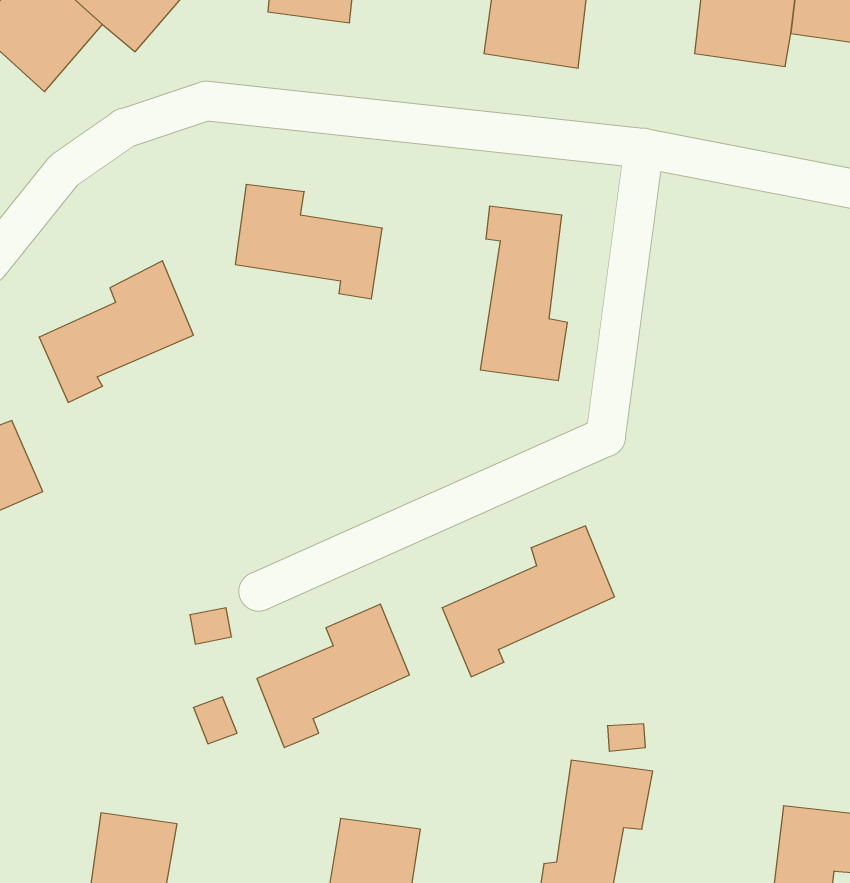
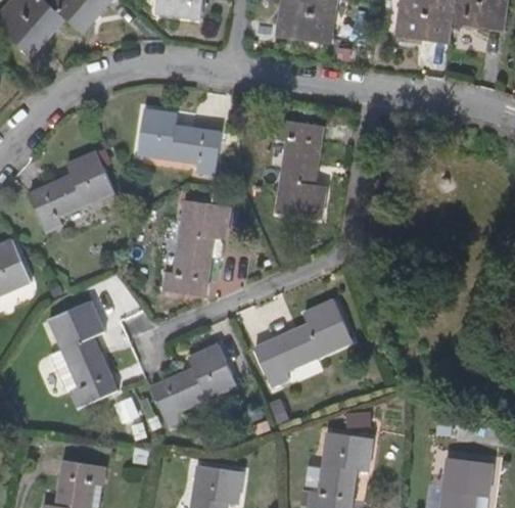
building: none -> [163,191,231,296]
building: none -> [50,302,118,407]

